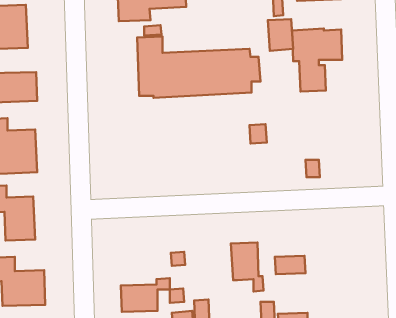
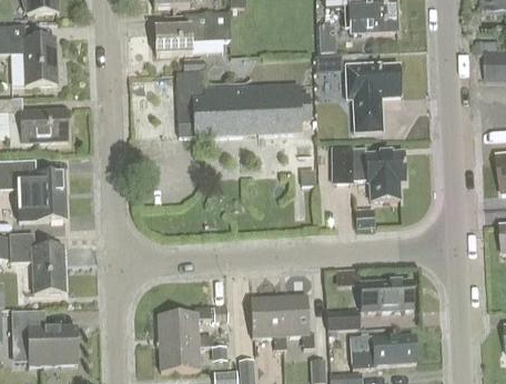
building: none -> [331,146,405,199]
building: none -> [361,280,413,311]
building: none -> [251,296,286,350]
building: none -> [158,307,211,342]
building: none -> [350,333,416,368]

